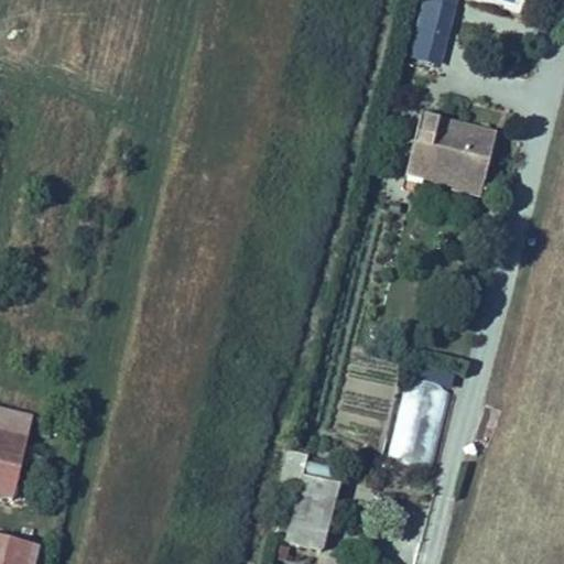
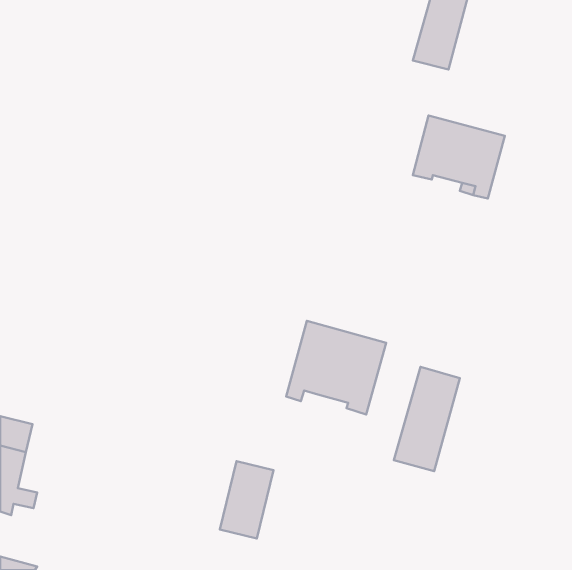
building: none -> [286,321,386,414]
building: [279,470,332,546] -> [220,461,274,539]

